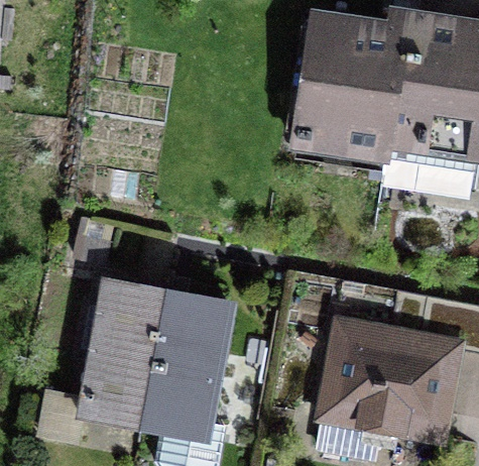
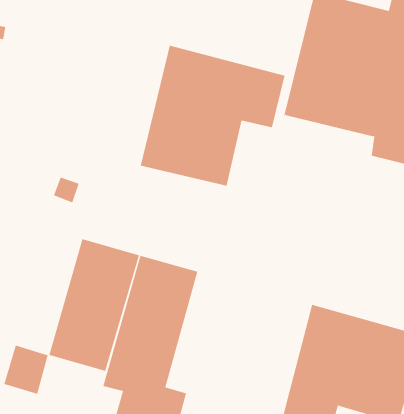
building: none -> [140,45,285,186]

